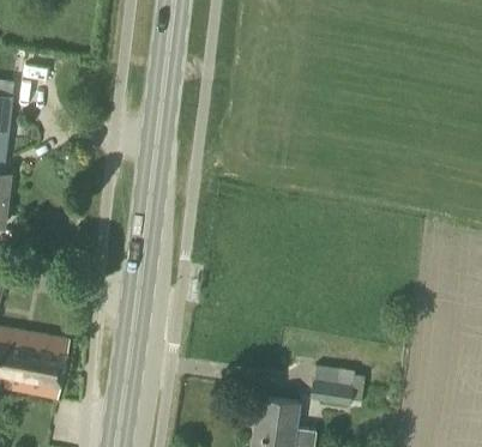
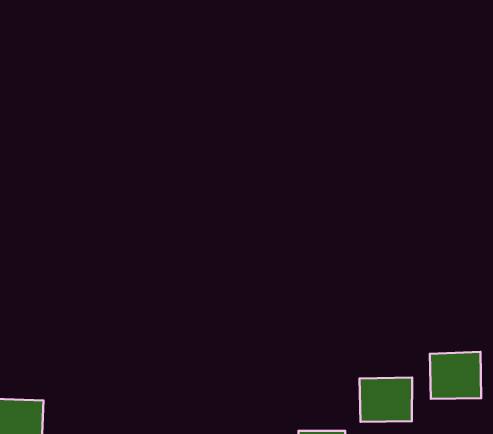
building: none -> [430,352,481,399]

